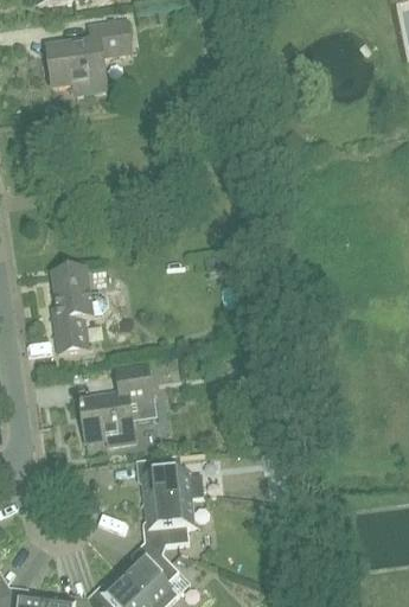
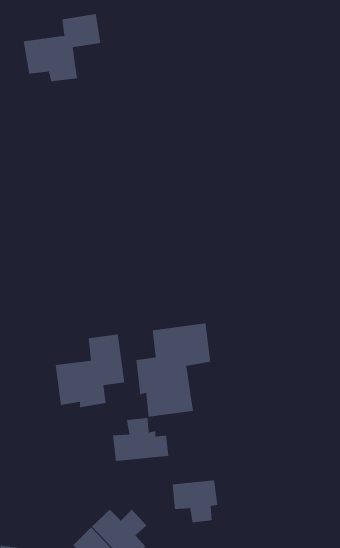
building: [50,268,107,354] -> none
building: none -> [136,322,211,418]
building: [145,498,194,544] -> [172,480,218,523]

